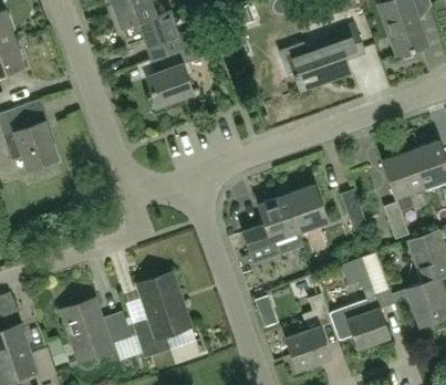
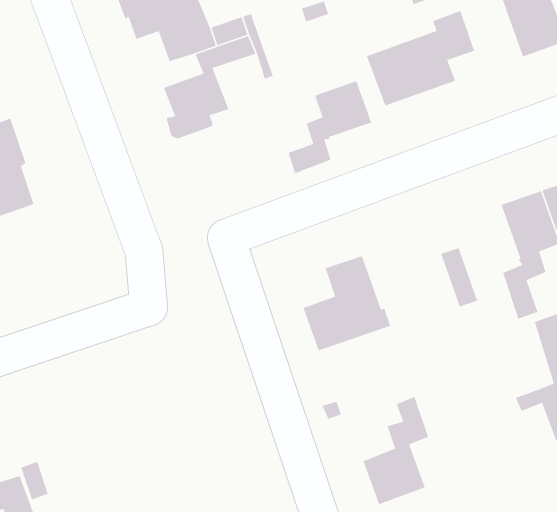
building: none -> [287,80,372,174]
building: [286,184,329,232] -> none
building: [340,252,396,347] -> none
building: [134,273,190,358] -> none
building: [61,299,132,362] -> none

